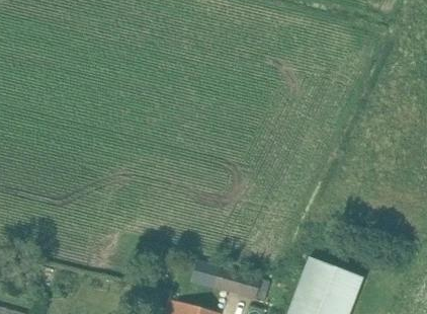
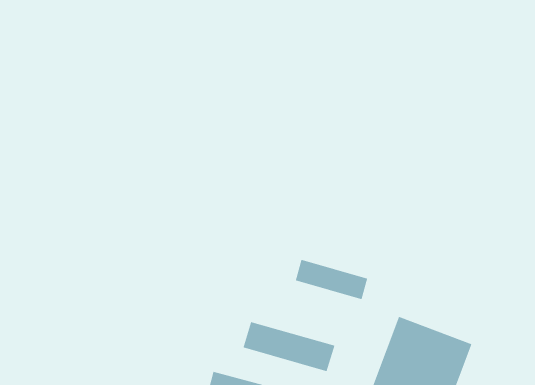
building: none -> [295,259,368,300]

